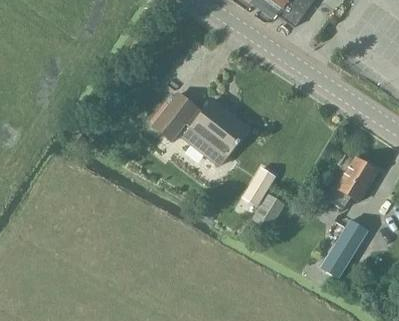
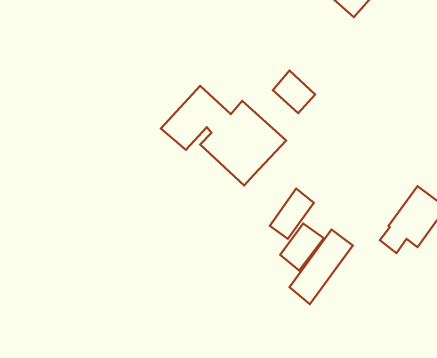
building: none -> [273,70,315,113]
building: [321,219,368,279] -> [289,230,353,304]

